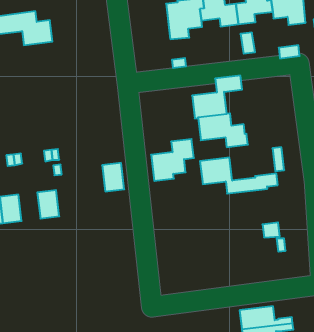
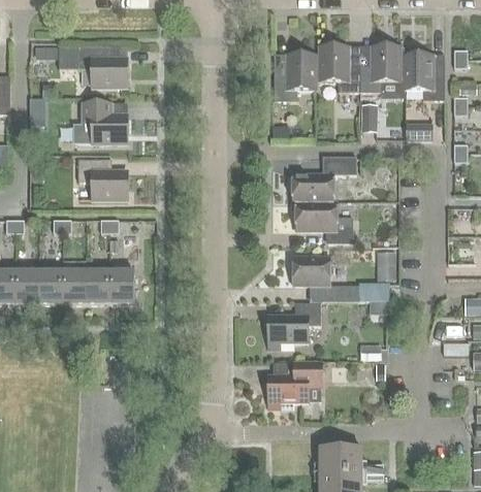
building: none -> [72,102,127,142]
building: none -> [77,159,127,198]
building: [151,139,194,181] -> [267,301,320,348]
building: [102,163,124,191] -> [109,270,133,303]
building: none -> [62,270,86,303]
building: none -> [267,362,320,407]

